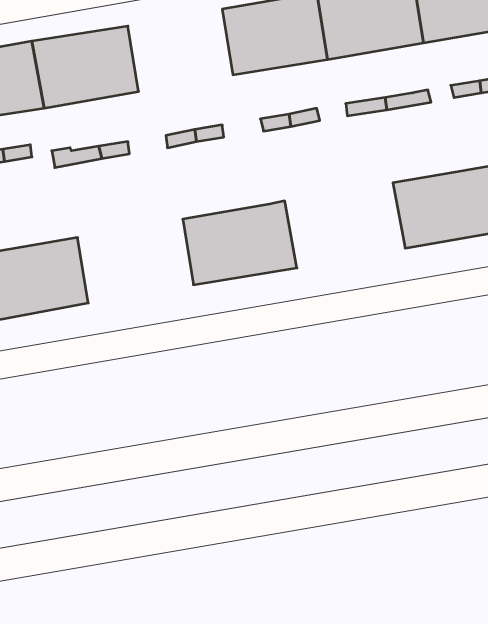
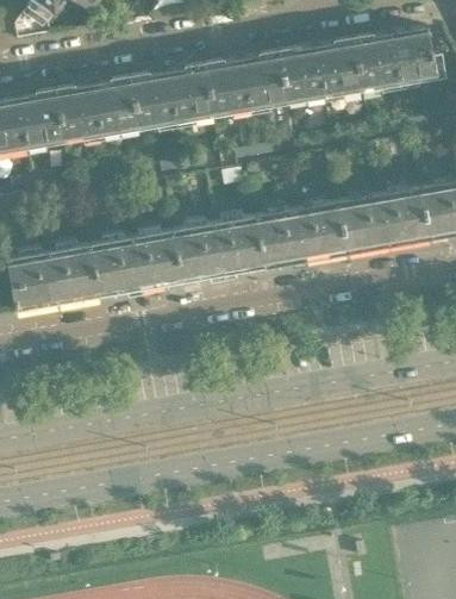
building: none -> [131,65,213,130]
building: none -> [254,201,348,268]
building: none -> [92,230,182,295]

